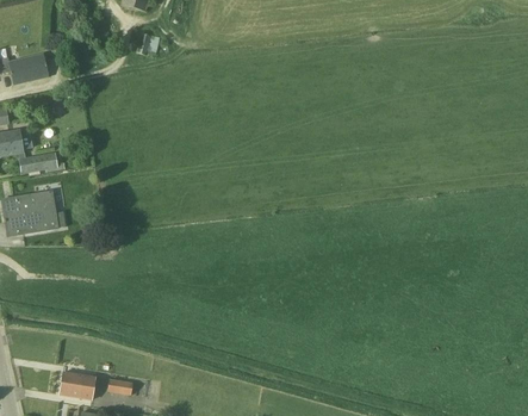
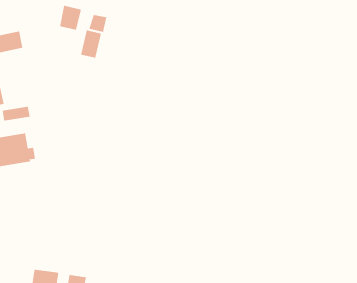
building: none -> [60,5,81,31]
building: none -> [80,30,102,59]

